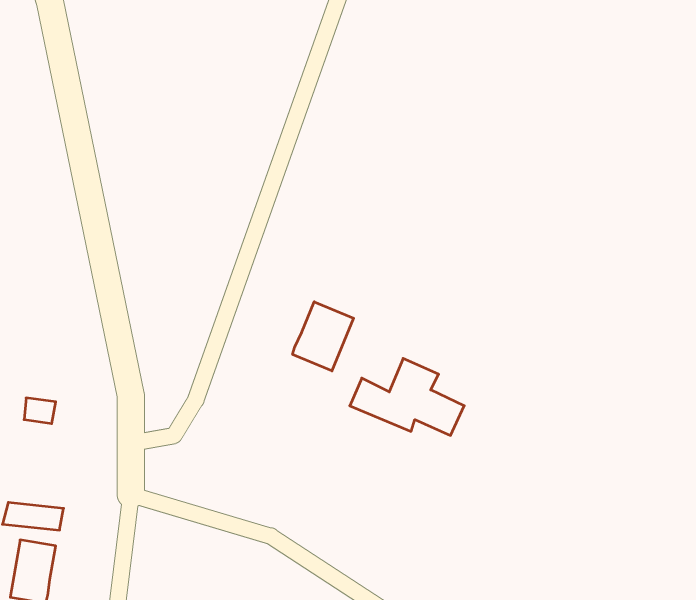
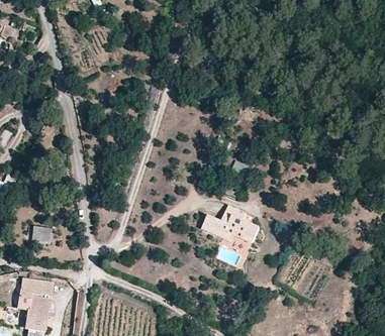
building: [293,302,354,371] -> none

